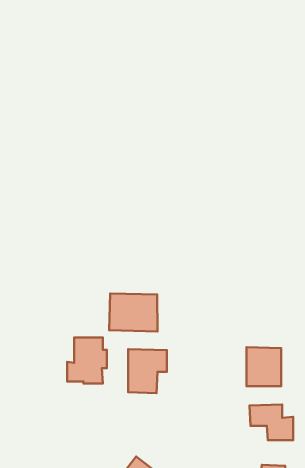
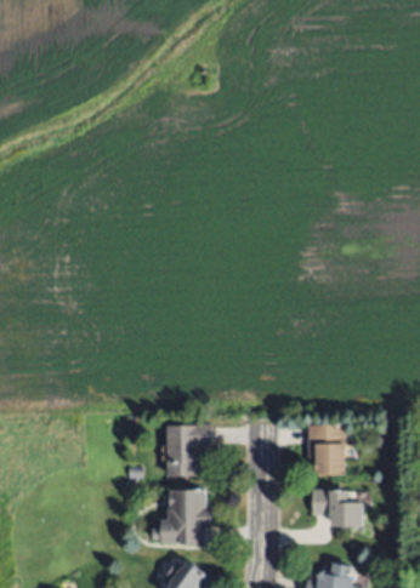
building: [109,293,157,331] -> none
building: [67,337,107,383] -> [166,489,214,543]

